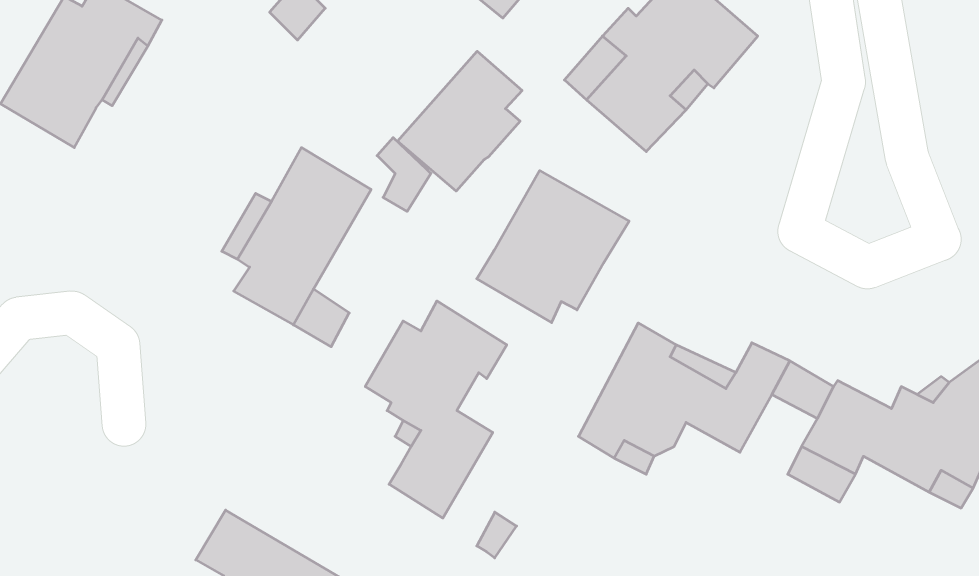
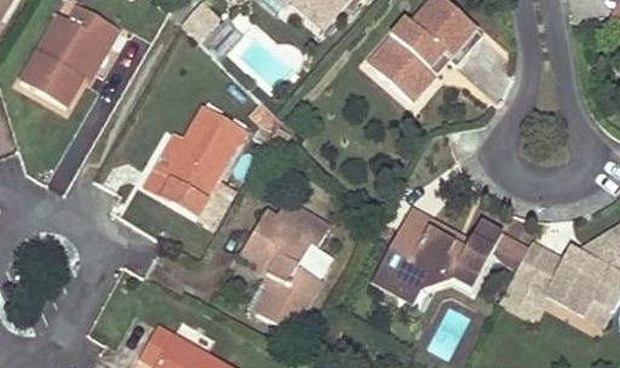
building: [397,51,522,191] -> none
building: [477,171,629,323] -> none

